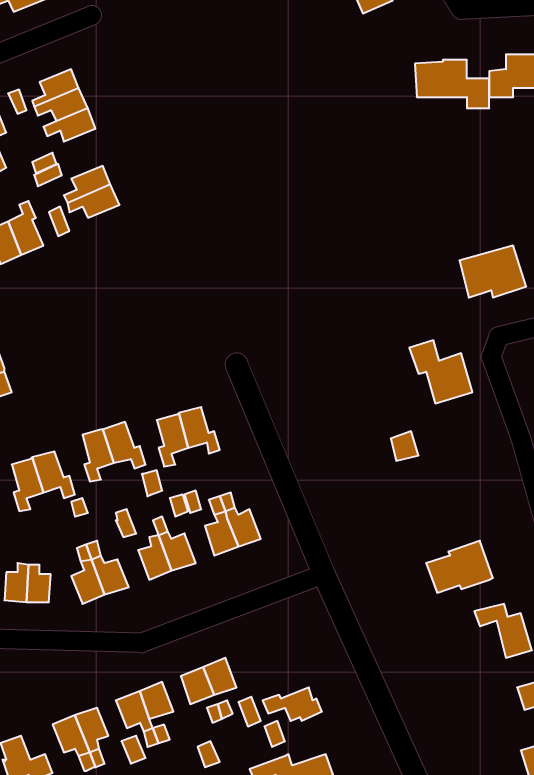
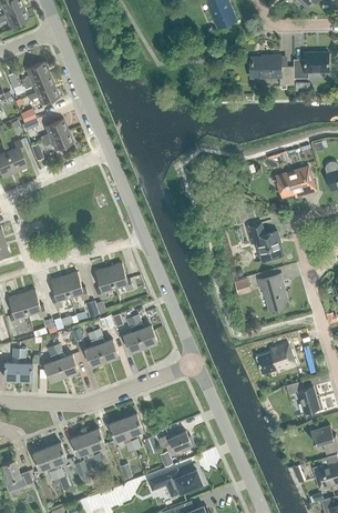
building: none -> [258,274,288,310]

